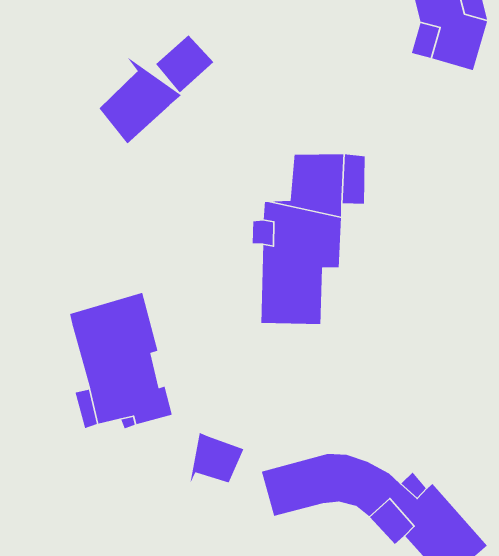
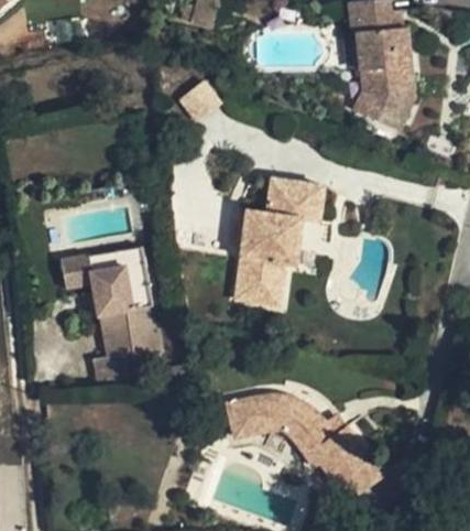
building: [99,54,182,145] -> none
building: none -> [64,248,149,288]
building: [189,432,244,489] -> none

